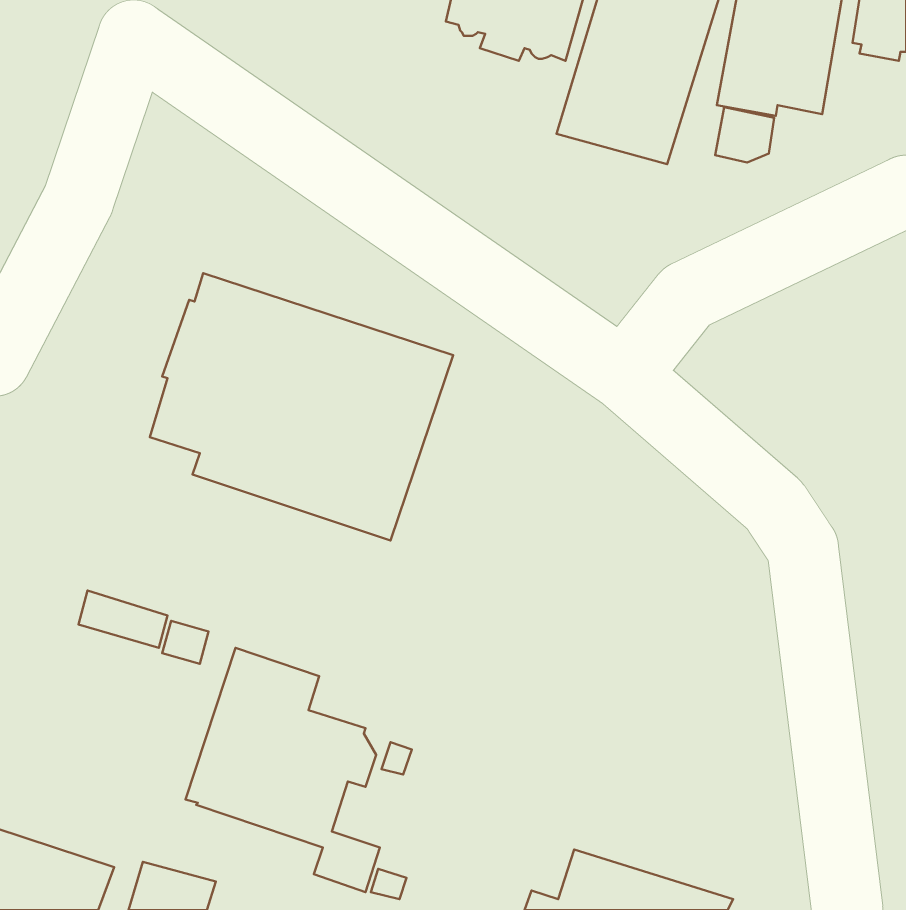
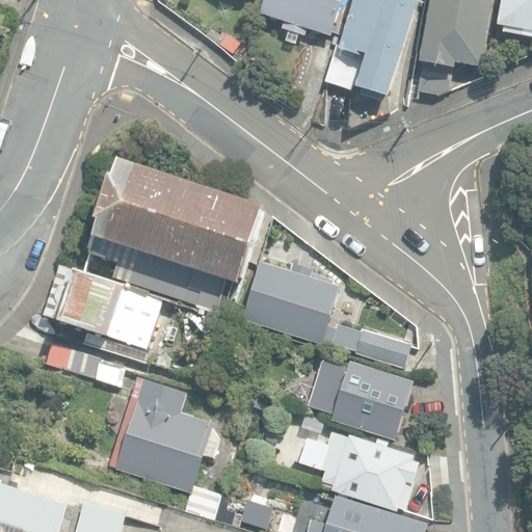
building: none -> [242,261,410,367]
building: none -> [44,263,178,363]
building: none -> [303,358,411,442]
building: none -> [297,431,418,510]

